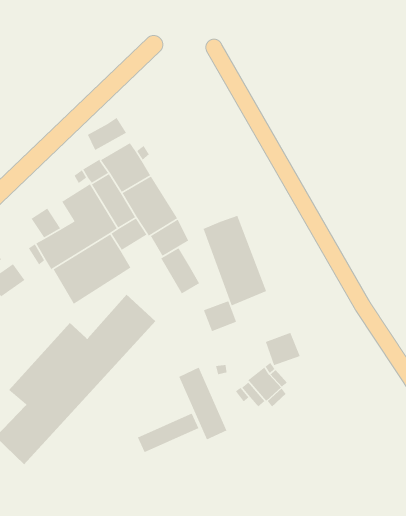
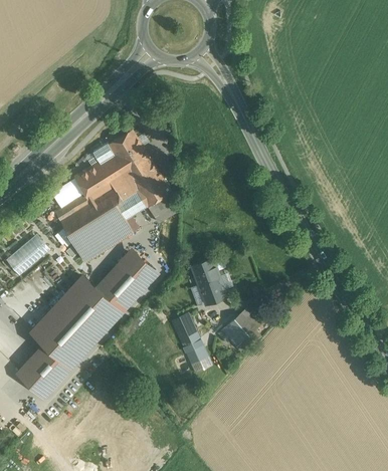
building: [87,117,127,151] -> none
building: [203,215,267,306] -> none
building: [160,247,200,295] -> none
building: [265,332,301,366] -> [198,277,227,305]
building: [137,413,200,453] -> none

